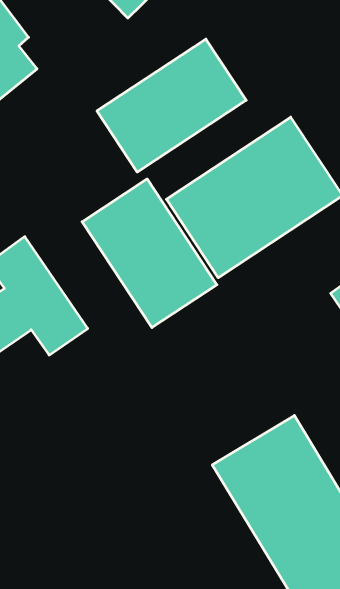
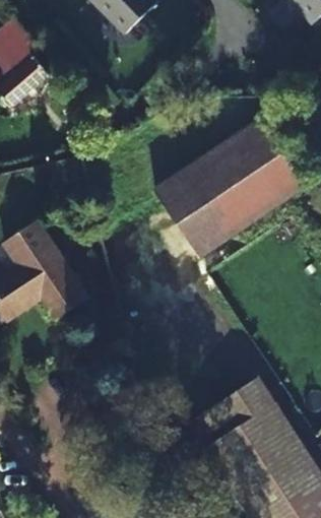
building: [97,39,246,172] -> none
building: [82,179,217,328] -> none

